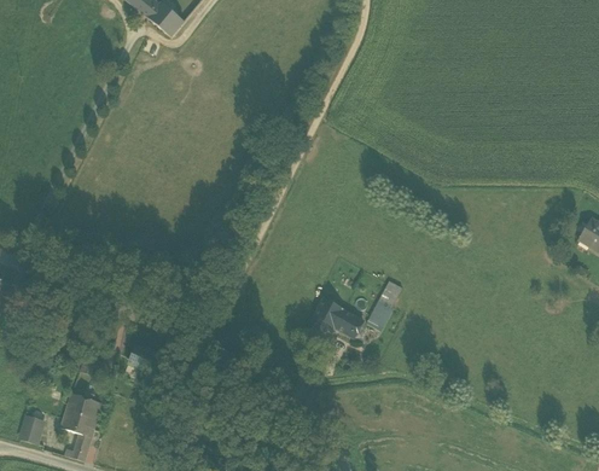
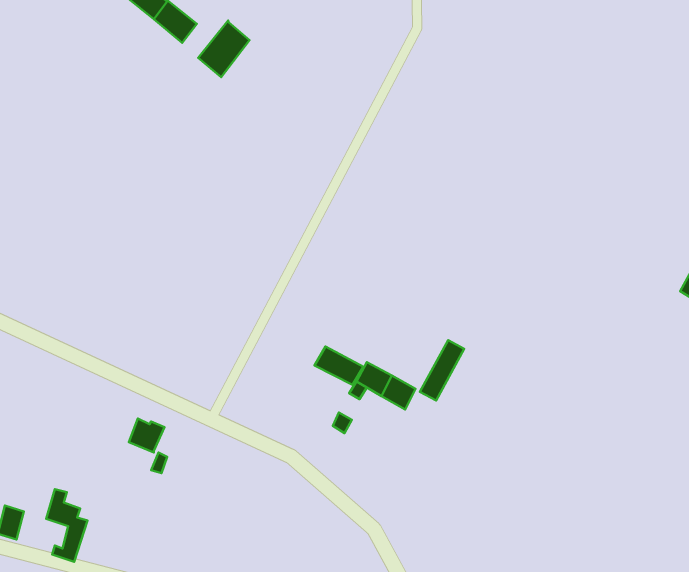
building: none -> [198,20,249,77]
building: none -> [315,346,364,385]
building: [66,389,100,426] -> none

